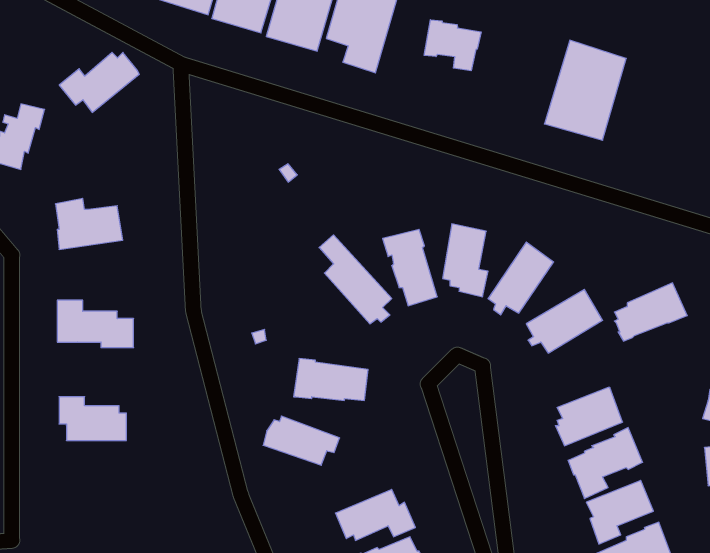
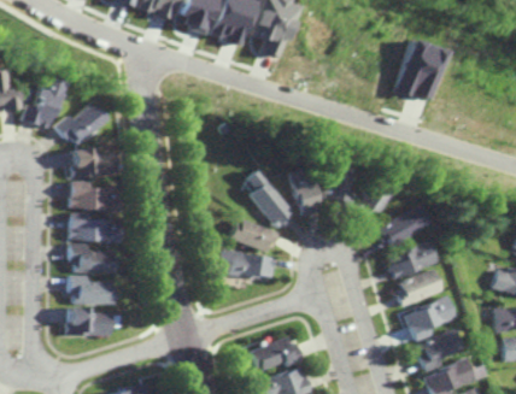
building: [424,20,481,71] -> none
building: [59,52,139,112] -> [49,102,102,142]
building: none -> [68,180,117,210]
building: [614,283,687,341] -> [389,240,438,278]
building: none -> [68,243,113,272]
building: [263,416,340,465] -> [225,218,276,251]
building: none -> [68,306,110,335]

